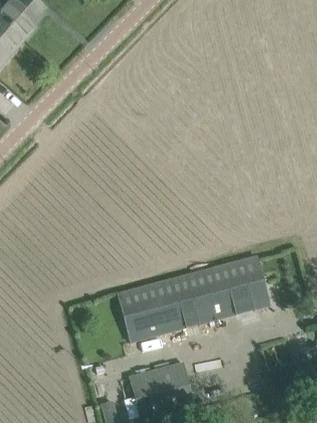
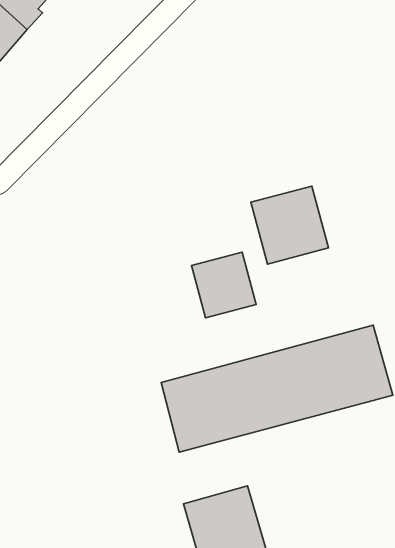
building: none -> [251,186,328,264]
building: none -> [191,252,256,318]

